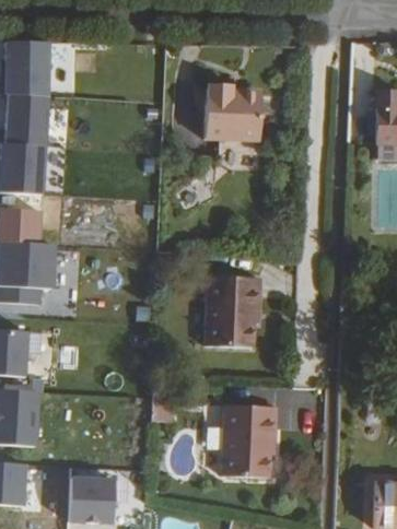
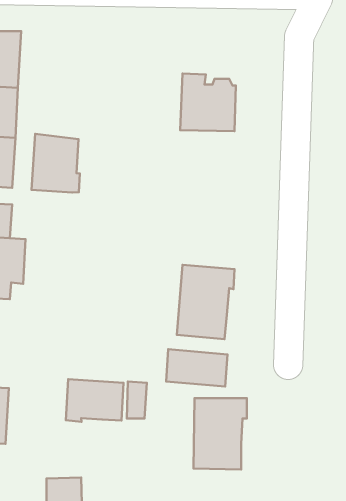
building: none -> [32,134,80,193]
building: none -> [166,349,227,387]
building: none -> [66,379,123,422]

